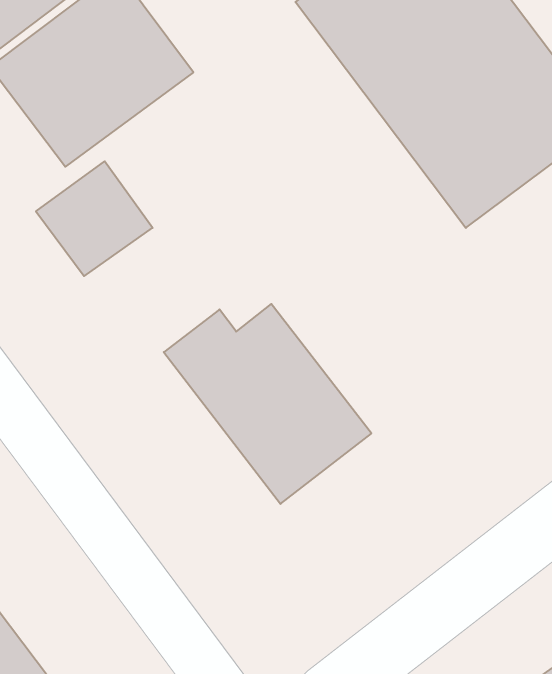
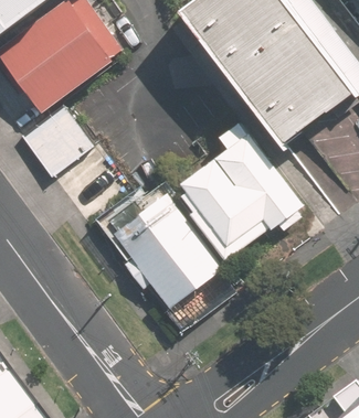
building: none -> [181,119,307,257]

